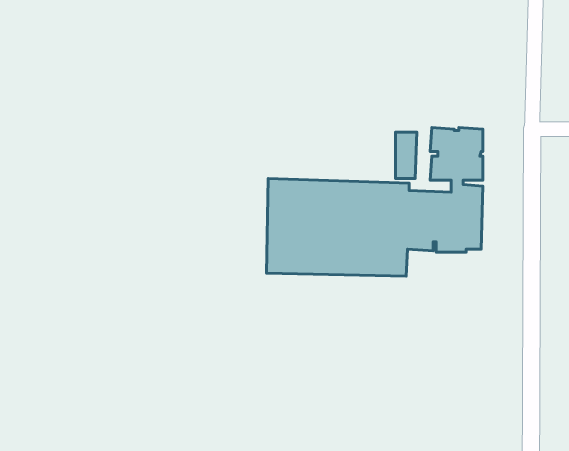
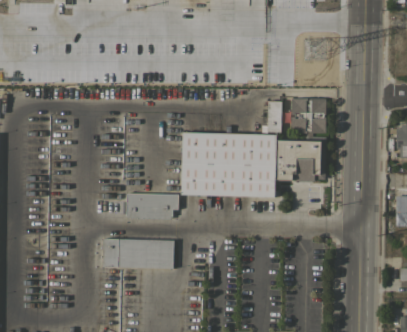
building: none -> [124,193,178,219]
building: none -> [104,238,174,269]

